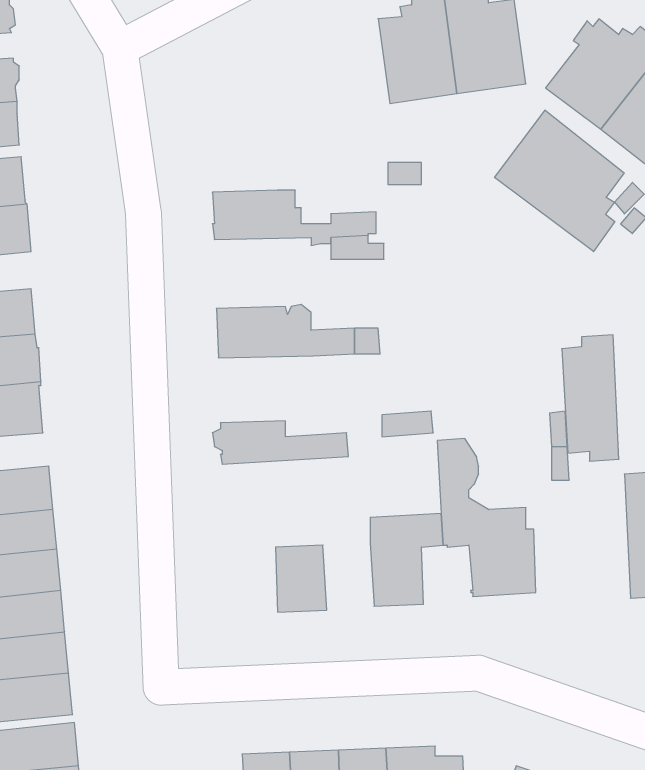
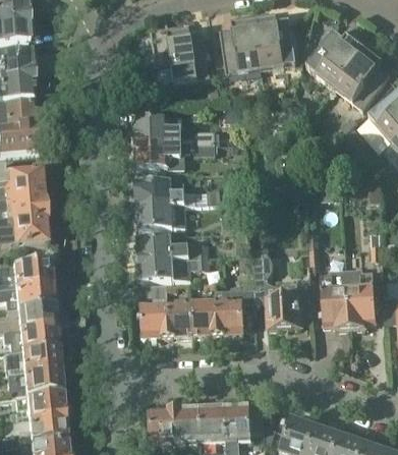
building: none -> [152,24,211,81]
building: [495,110,624,252] -> none
building: none -> [136,143,191,166]
building: [562,335,619,461] -> [322,265,351,330]
building: none -> [138,204,187,228]
building: none -> [137,255,207,280]
building: none -> [144,283,169,337]
building: none -> [192,300,219,335]

